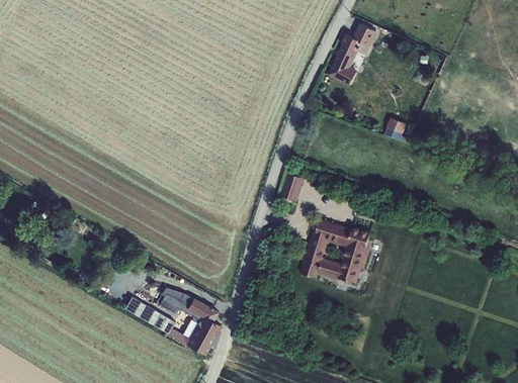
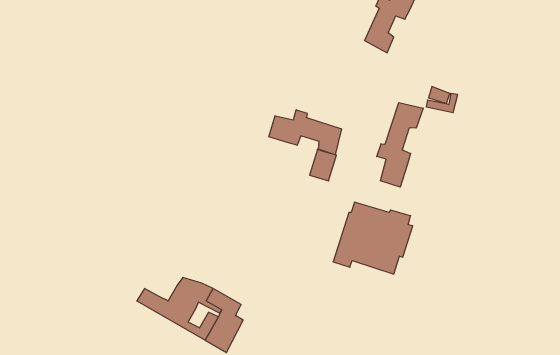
building: none -> [377,103,423,187]
building: none -> [269,110,341,155]

